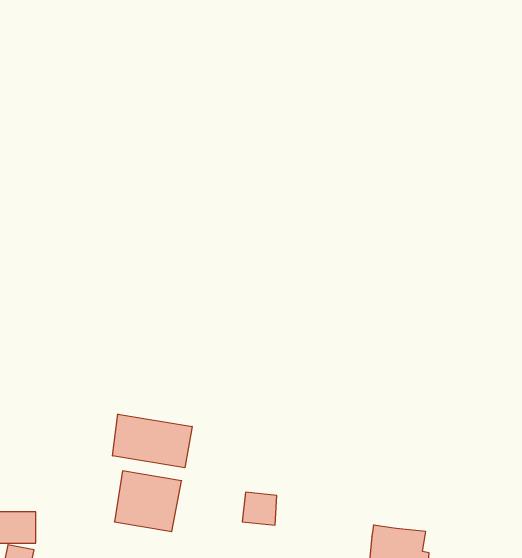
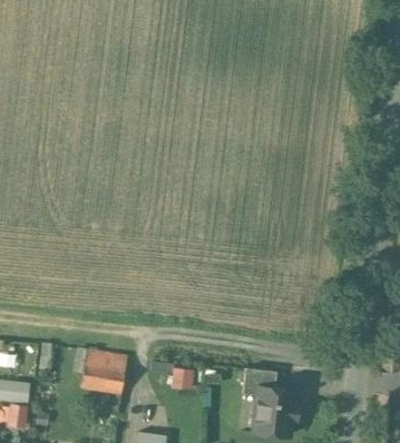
building: [113,414,192,468] -> none
building: none -> [243,370,277,396]

